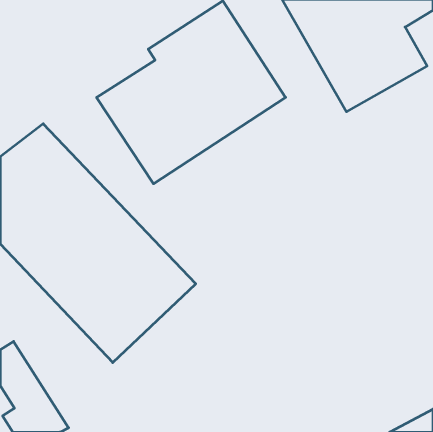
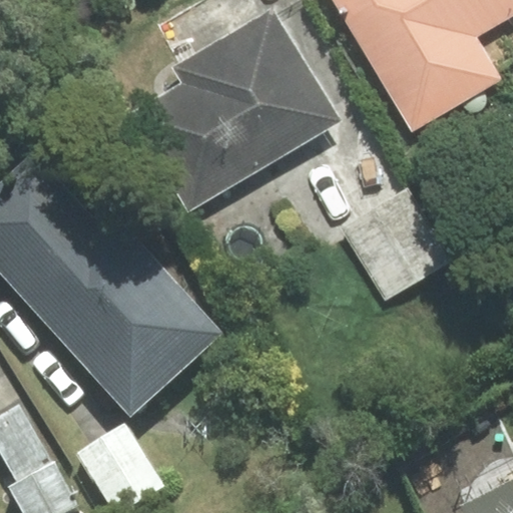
building: none -> [342,183,460,301]

